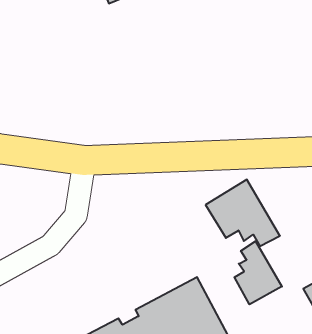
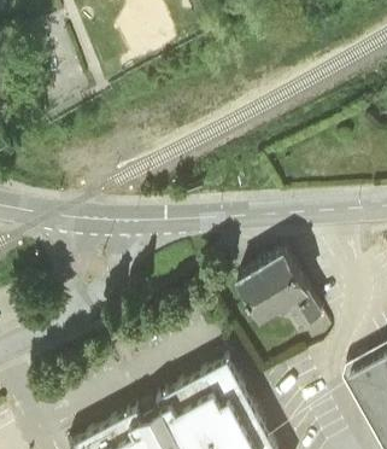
building: [234,241,282,304] -> none

